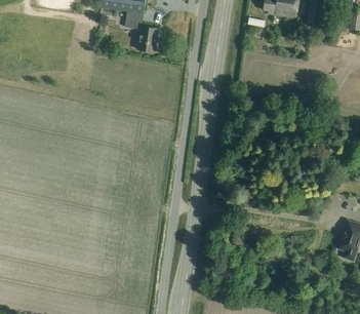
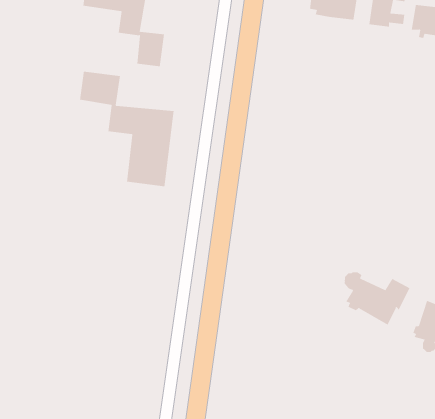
building: none -> [79,71,174,187]
building: none -> [344,271,410,325]

